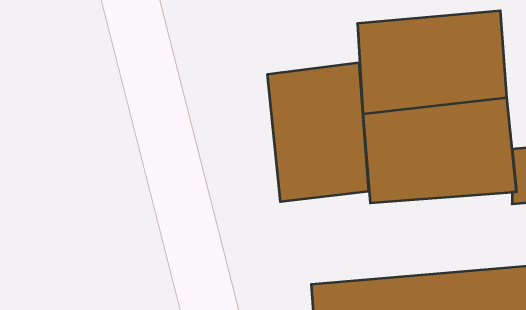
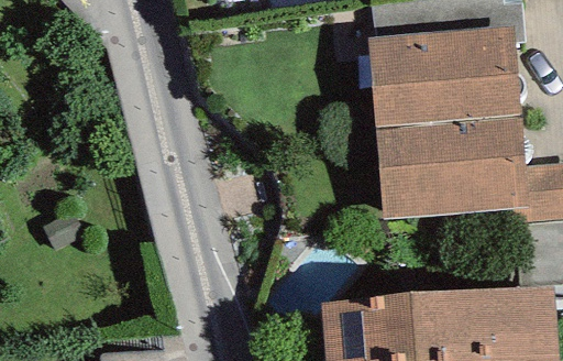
building: [268,63,369,202] -> none

